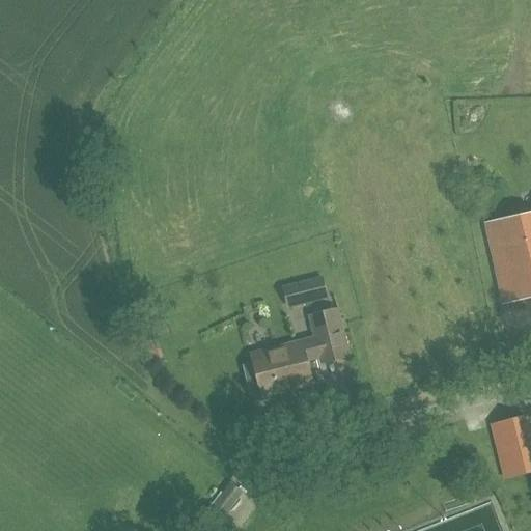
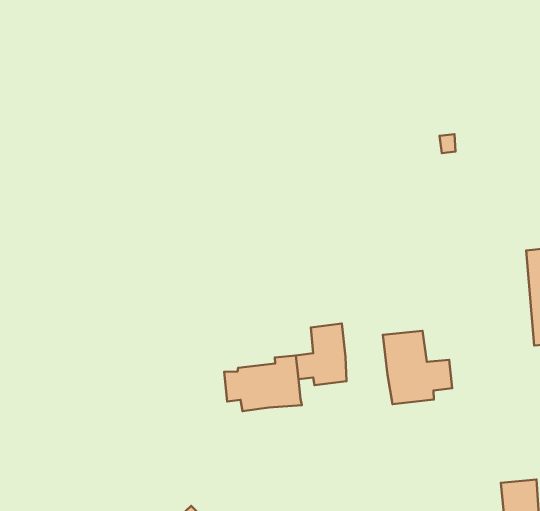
building: [284,276,327,305] -> none
building: none -> [383,331,452,404]

